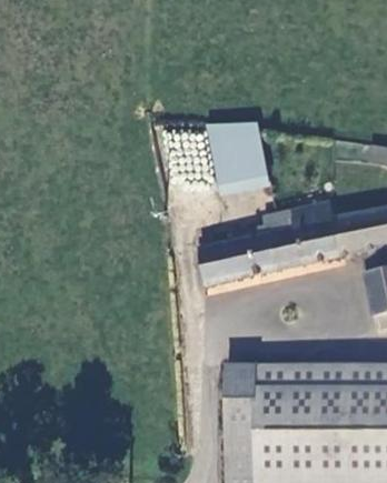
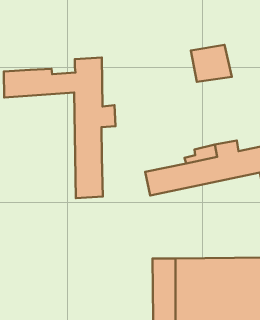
building: none -> [4,58,115,198]
building: [212,130,268,180] -> [191,45,232,82]

